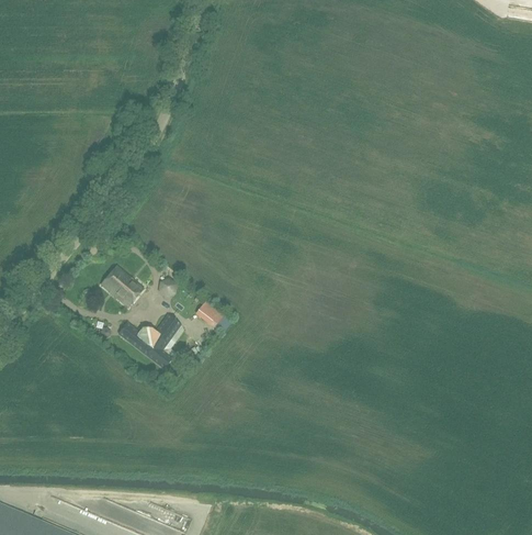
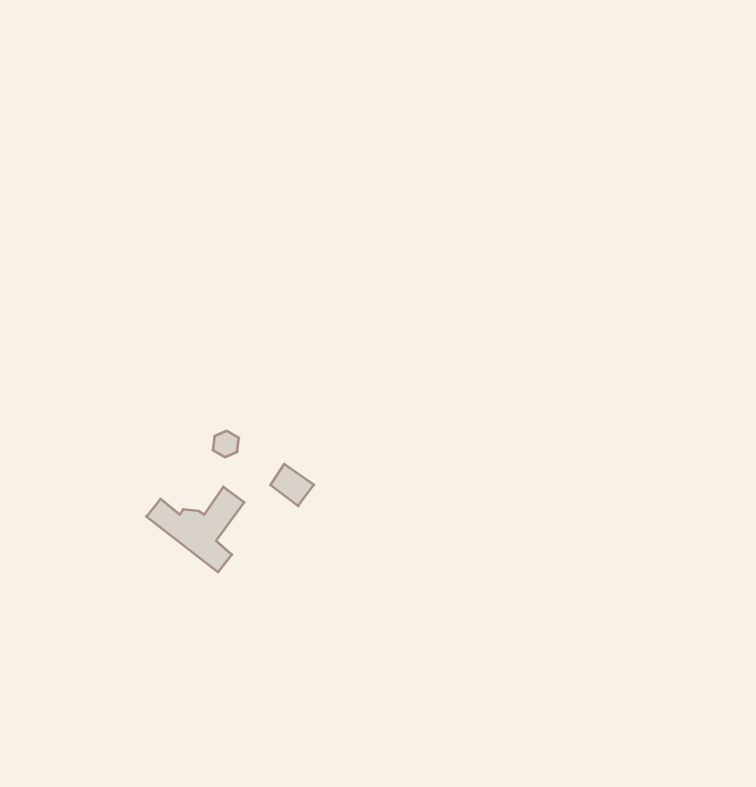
building: [101,265,144,306] -> none

